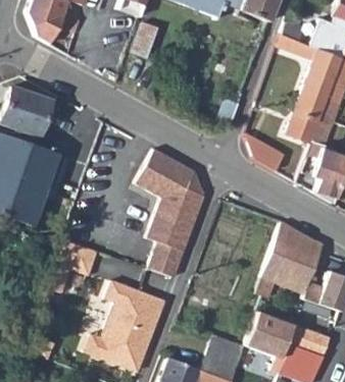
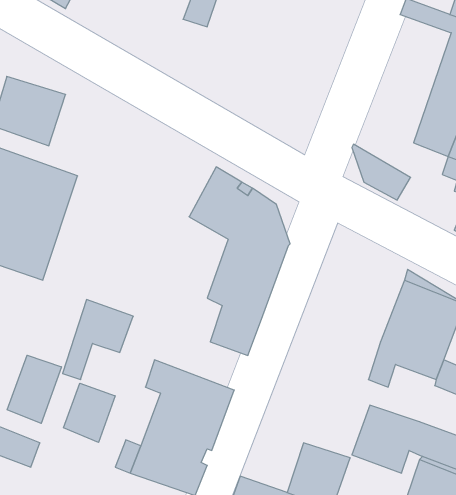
building: none -> [7,355,61,423]
building: none -> [63,383,115,442]

